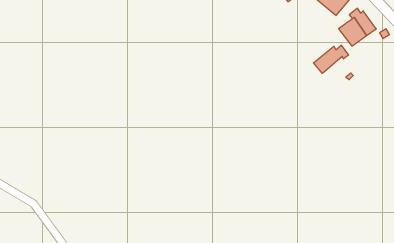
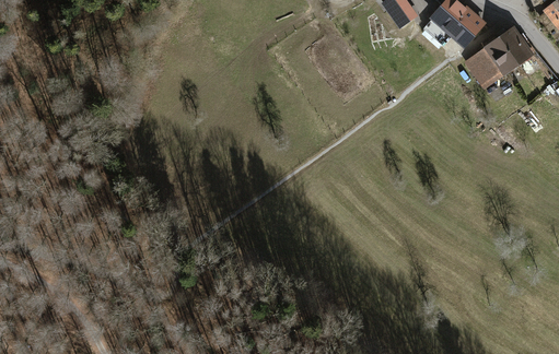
building: none -> [501,30,531,62]
building: [313,45,349,73] -> none

